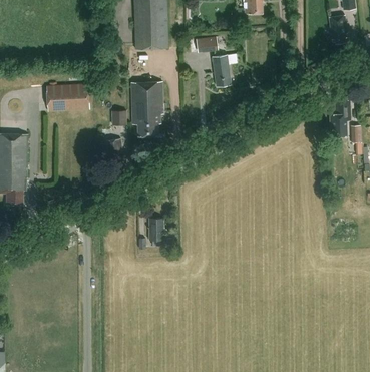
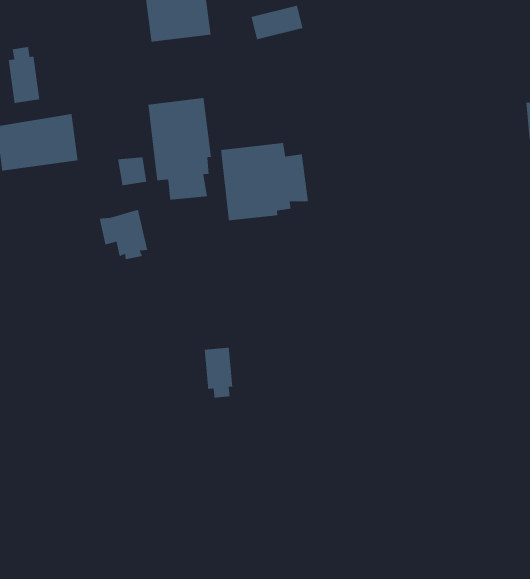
building: none -> [8,46,40,104]
building: [212,55,231,86] -> none
building: none -> [220,142,309,221]

